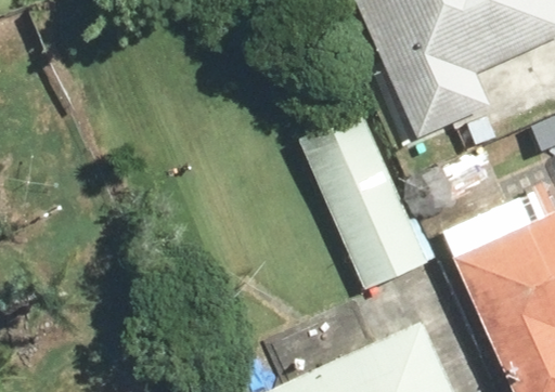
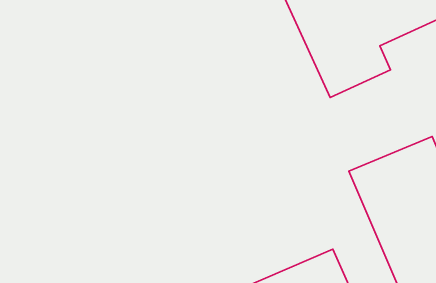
building: [300,108,438,290] -> none

